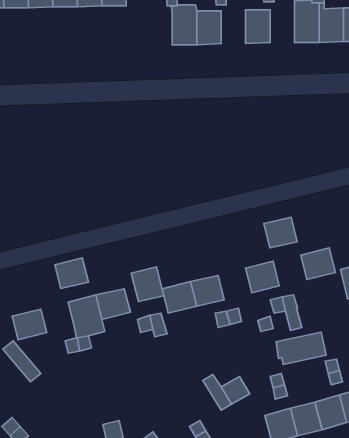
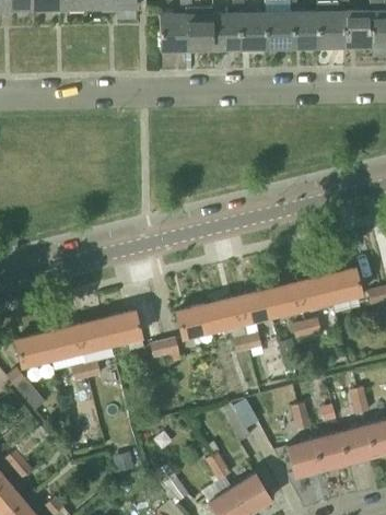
building: none -> [292,12,318,48]
building: none -> [239,13,266,49]
building: none -> [160,15,187,51]
building: [264,217,297,248] -> [295,276,331,308]
building: [55,258,88,288] -> [46,326,82,359]
building: [131,267,164,301] -> none
building: none -> [236,290,272,324]
building: [276,332,326,365] -> none

